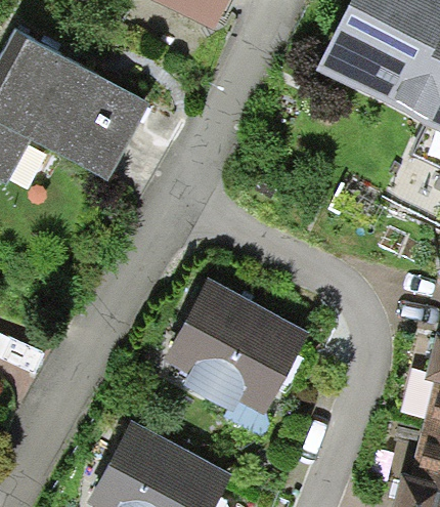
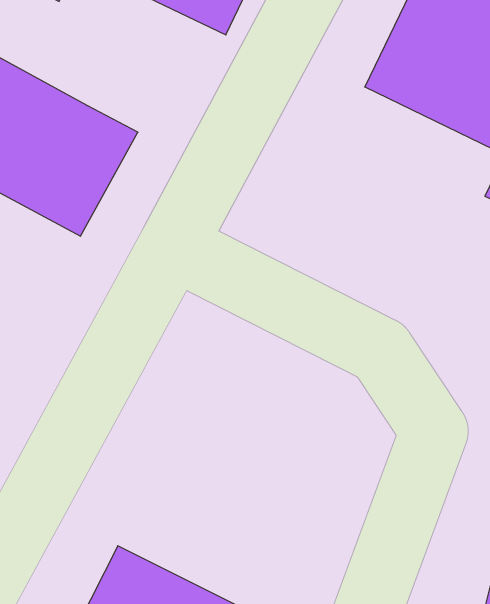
building: [170,281,310,413] -> none

